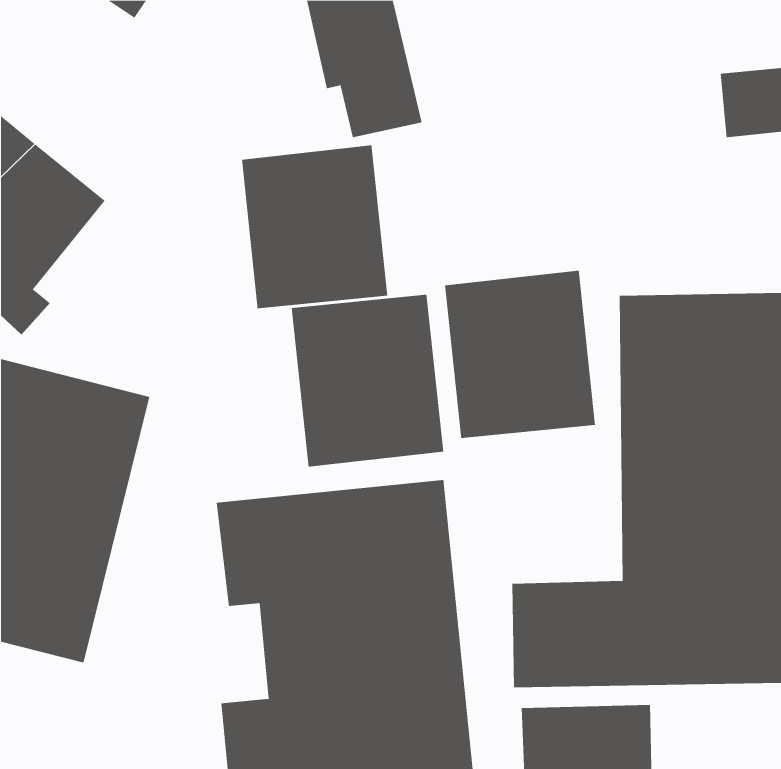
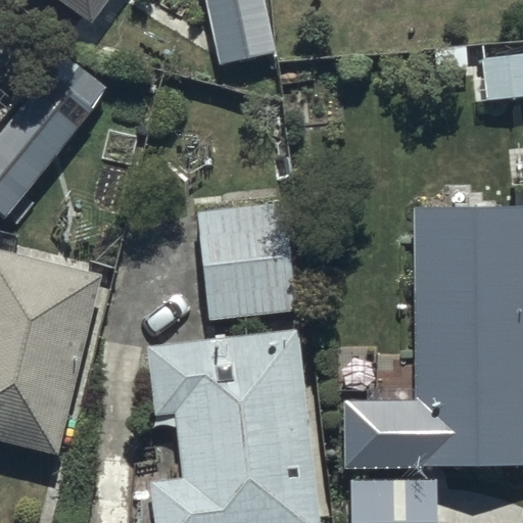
building: [241,145,388,309] -> none
building: [445,270,596,439] -> none

